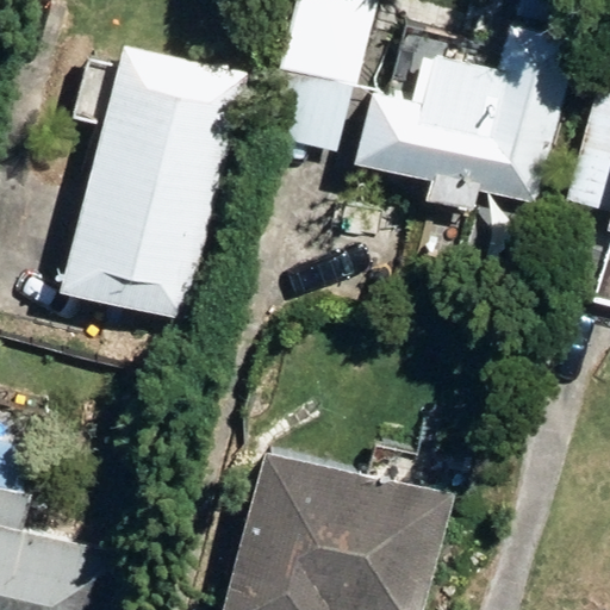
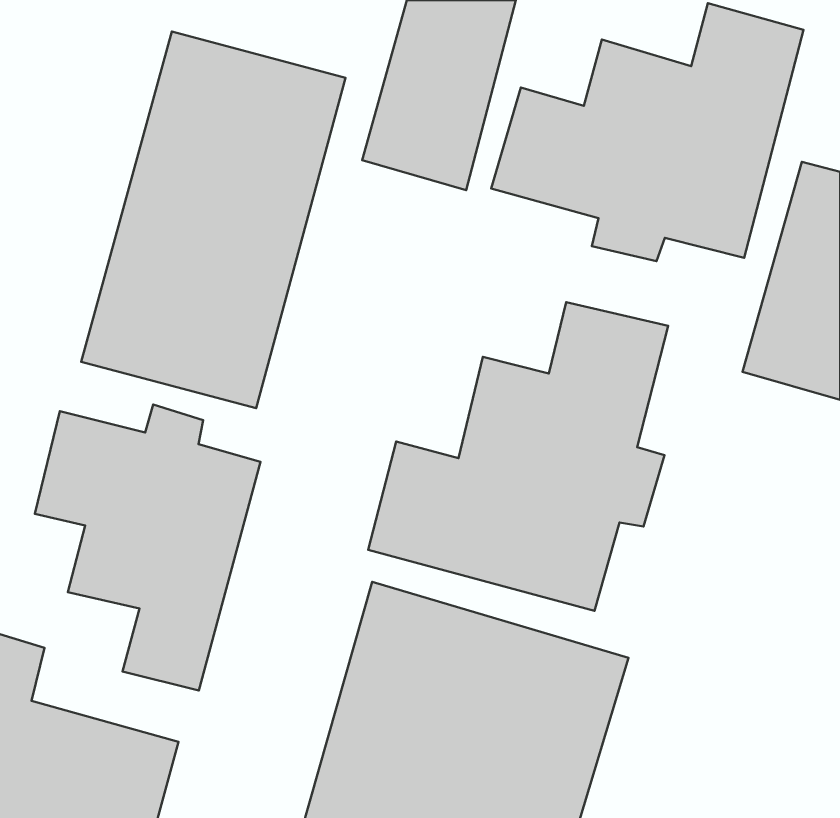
building: none -> [368,302,668,611]
building: none -> [35,405,261,691]

